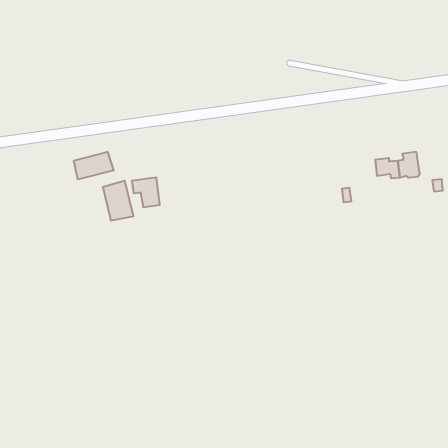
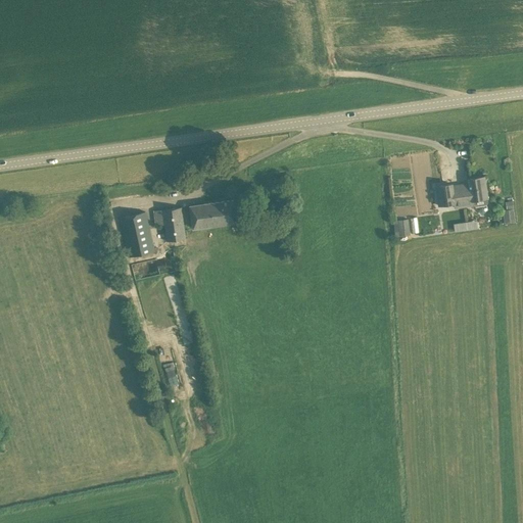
building: [74,152,114,179] -> none
building: none -> [190,200,236,229]

